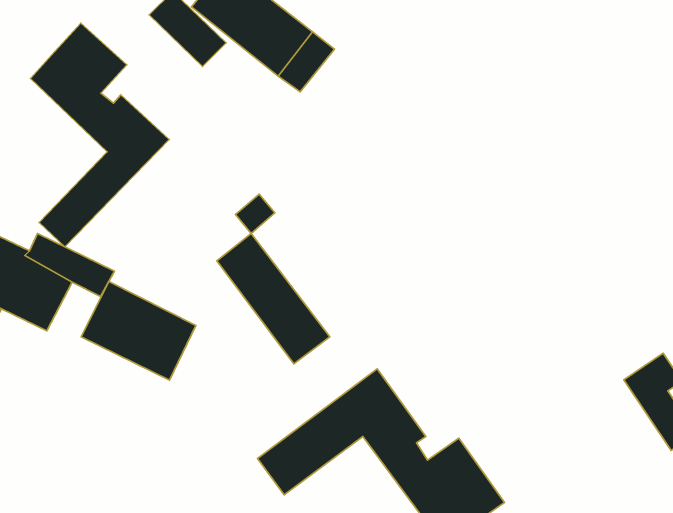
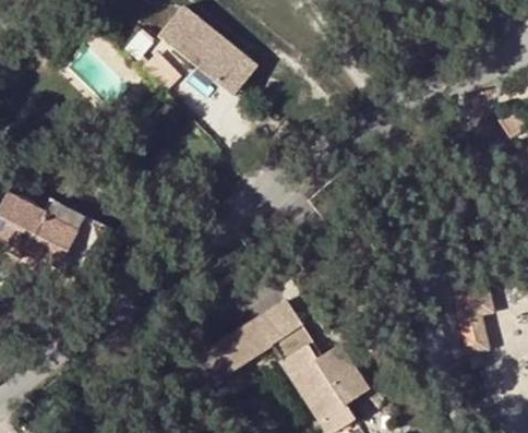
building: [30,23,169,247] -> none
building: [217,233,330,364] -> none
building: [81,281,196,380] -> none

